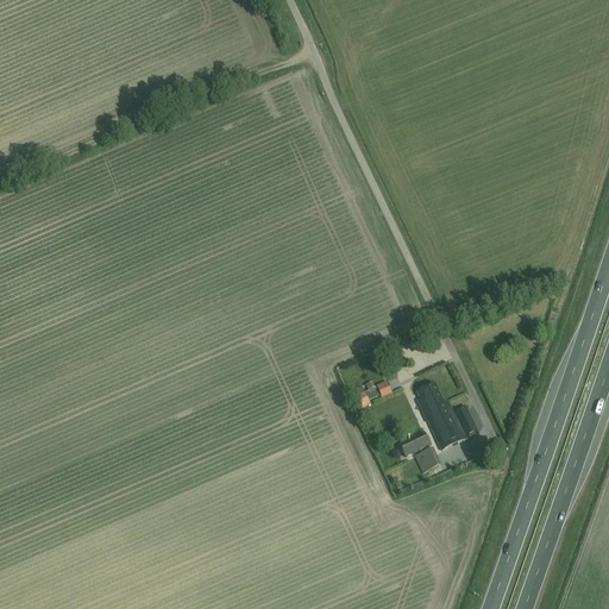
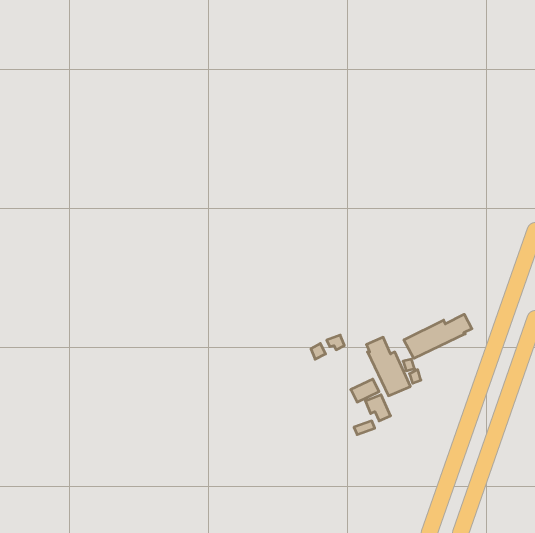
building: none -> [404,314,472,358]

